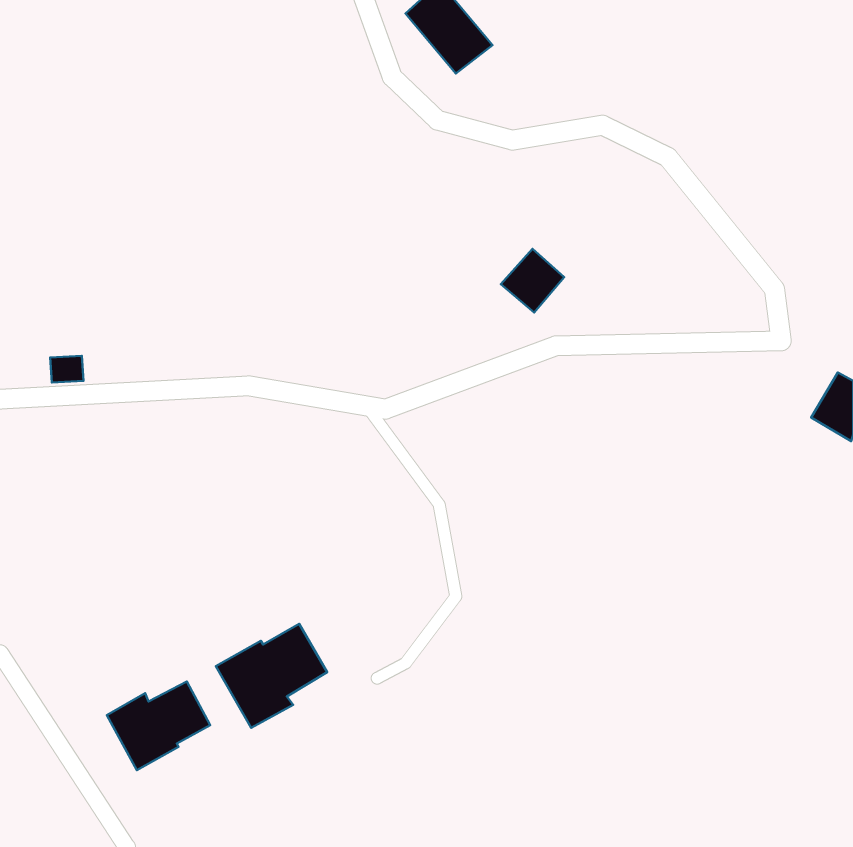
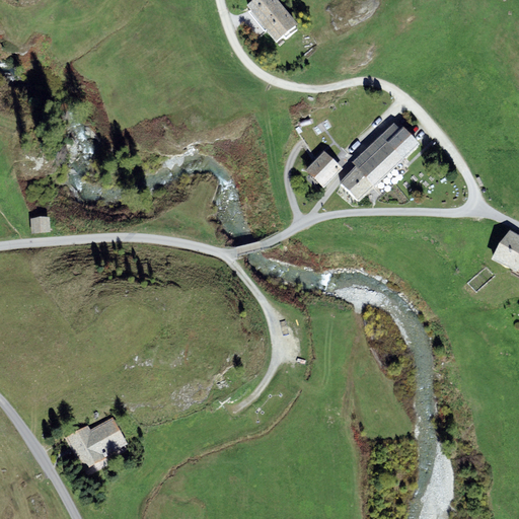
building: none -> [340,123,421,204]
building: [216,624,327,728] -> none

